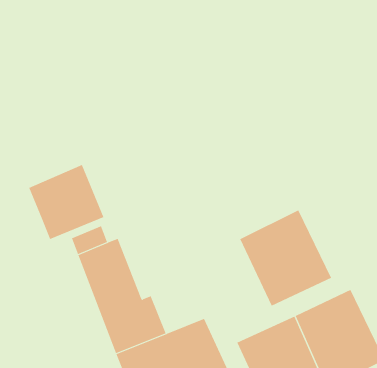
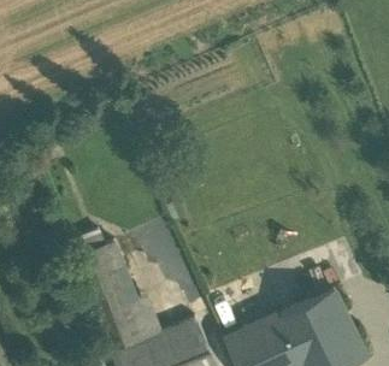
building: [29,164,104,240] -> none
building: [240,209,332,307] -> none

